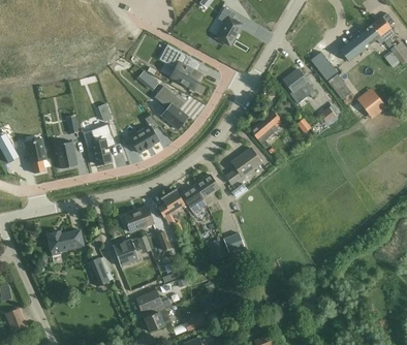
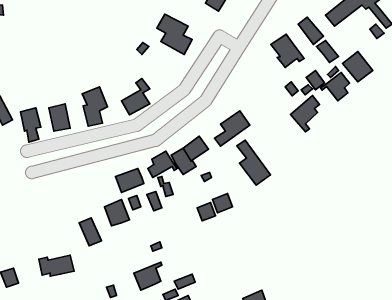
building: [154,86,188,129] -> none
building: none -> [321,73,349,101]
building: [249,111,279,148] -> [290,95,320,132]
building: none -> [237,140,270,185]
building: [46,229,83,251] -> [39,255,74,276]
building: [134,289,169,314] -> none

